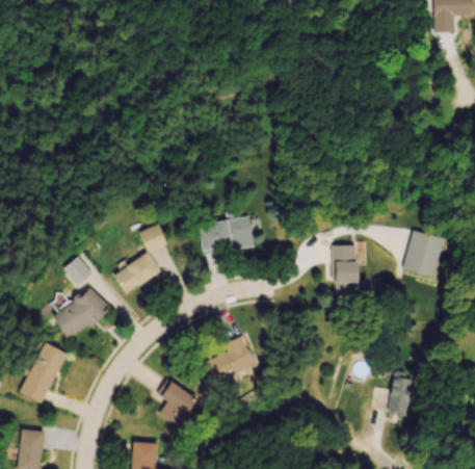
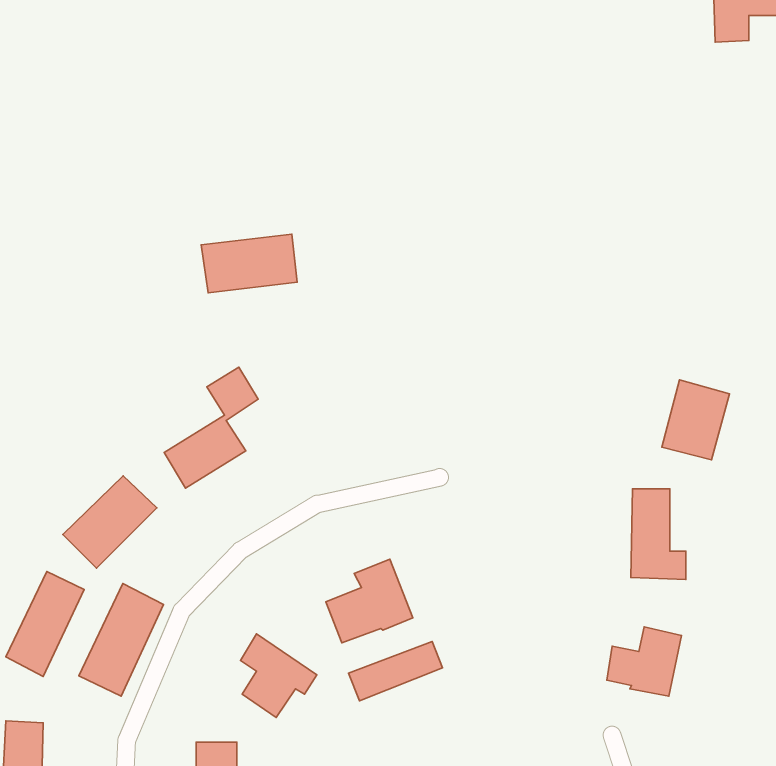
building: [199,217,255,252] -> [201,234,297,293]
building: [334,245,366,298] -> [631,489,686,579]
building: [64,257,94,286] -> none
building: none -> [79,583,164,696]
building: none -> [349,641,443,701]

